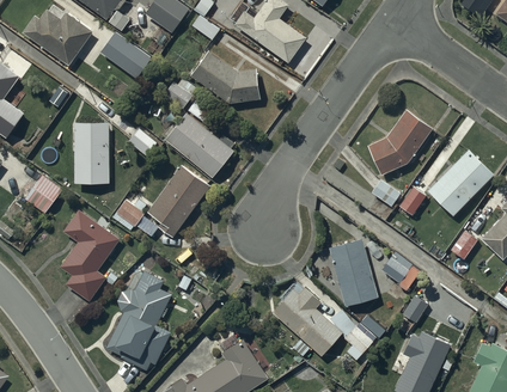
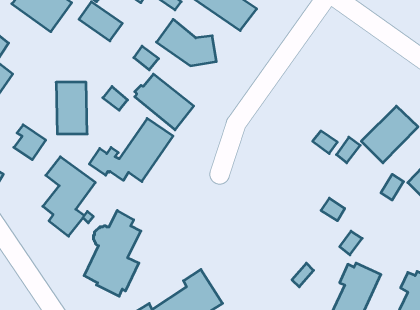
building: [368,110,433,174] -> none
building: [329,239,379,306] -> none
building: [273,282,343,356] -> none

